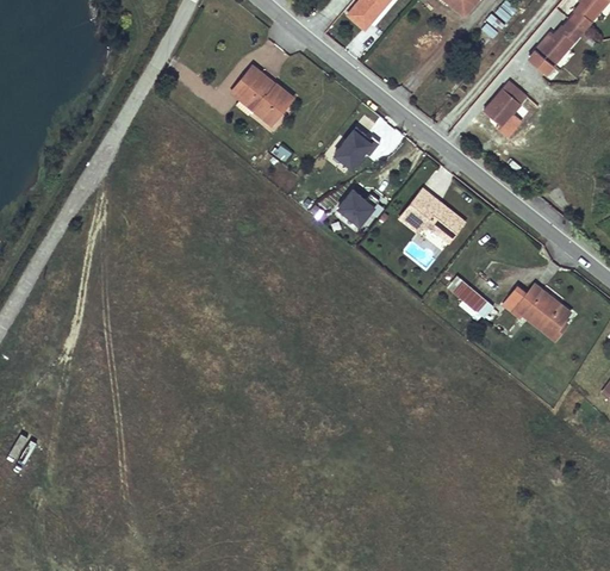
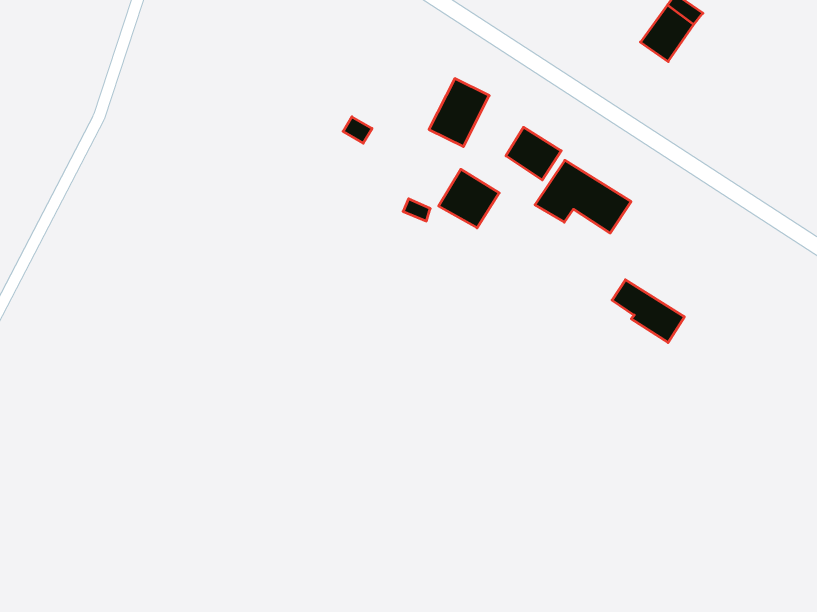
building: [234,67,295,126] -> none
building: none -> [506,127,561,180]
building: [504,285,572,340] -> none

